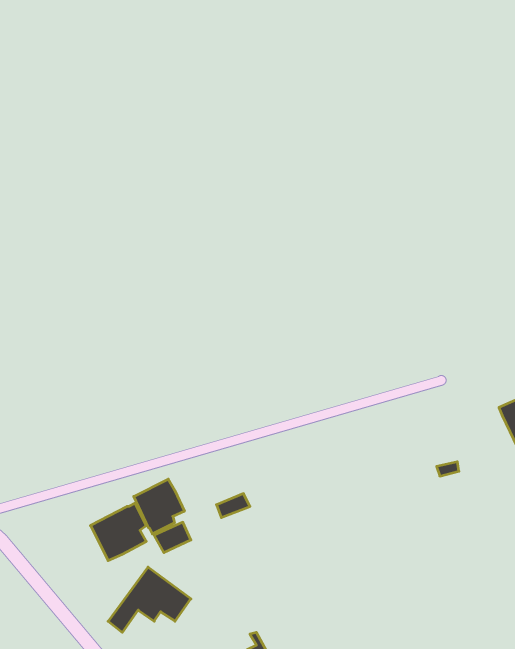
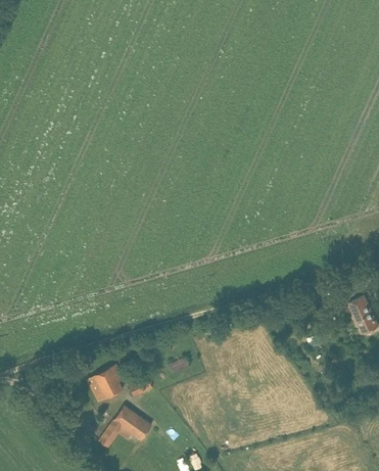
building: [134,479,184,534] -> none

